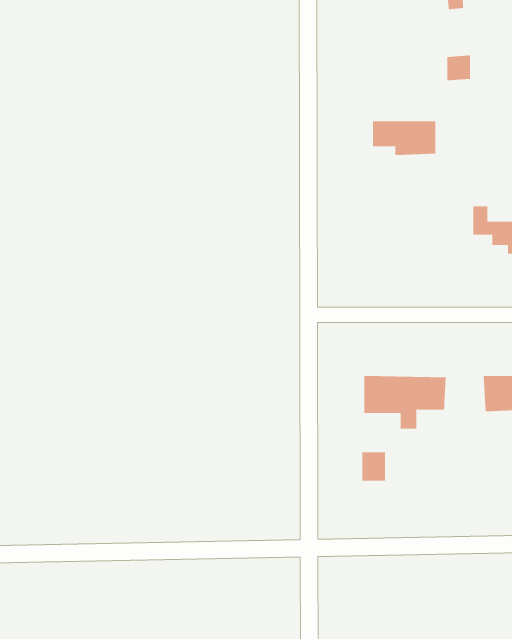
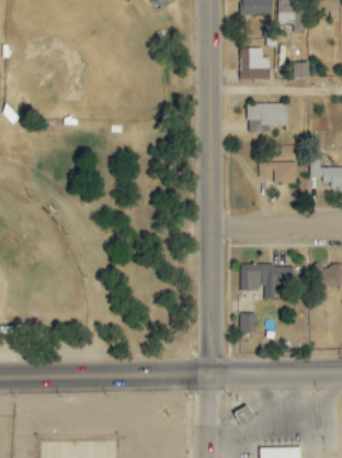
building: none -> [240,48,270,81]
building: none -> [259,163,296,186]

